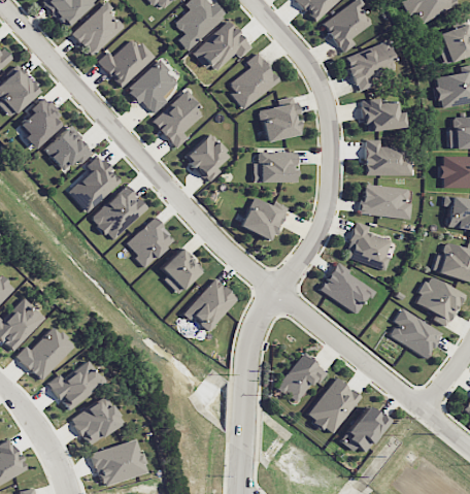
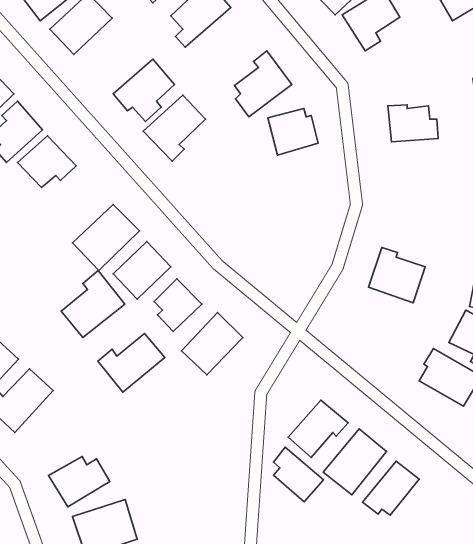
building: [194,21,253,73] -> none
building: [97,36,154,88] -> none
building: [345,40,399,91] -> none
building: [184,133,230,183] -> none
building: [365,139,412,175] -> none
building: [253,151,298,183] -> none
building: [67,155,122,212] -> [61,270,125,338]
building: [361,184,411,219] -> none
building: [240,197,286,240] -> none
building: [318,264,376,312] -> none
building: [47,360,105,410] -> [98,333,165,392]
building: none -> [273,447,323,502]

